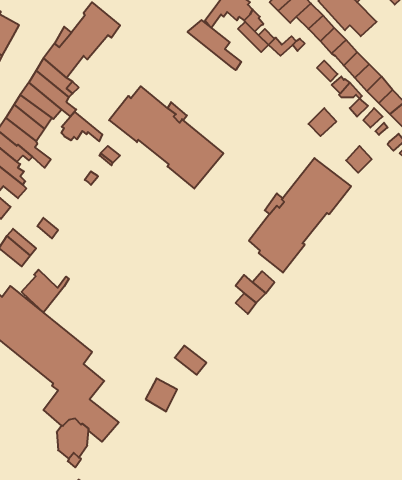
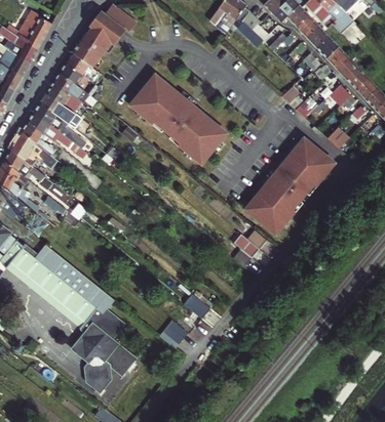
building: [188,20,241,70] -> none
building: [61,112,102,141] -> none
building: [22,270,69,313] -> none

